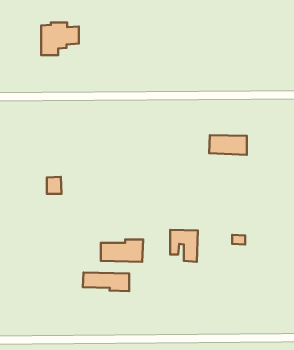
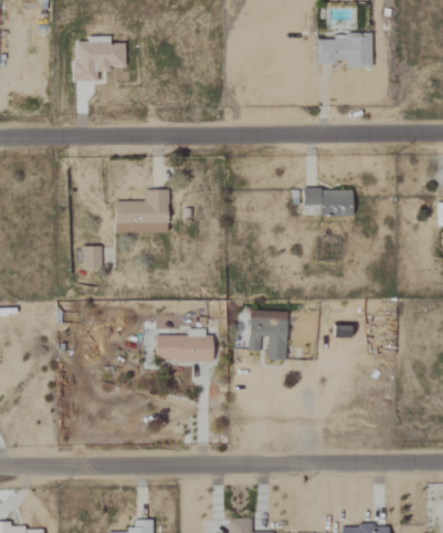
building: none -> [318,33,372,67]
building: none -> [115,190,169,232]
building: [83,273,129,291] -> none

